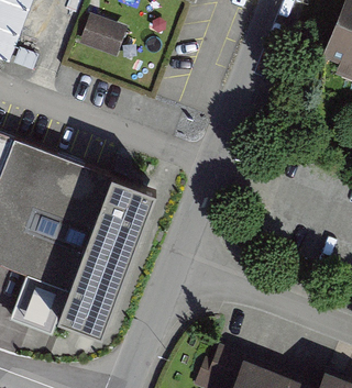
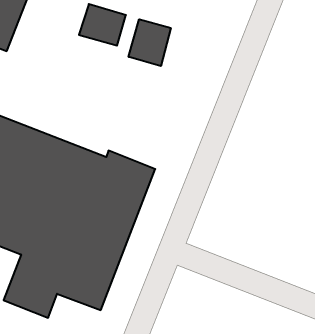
building: none -> [129,19,171,66]

